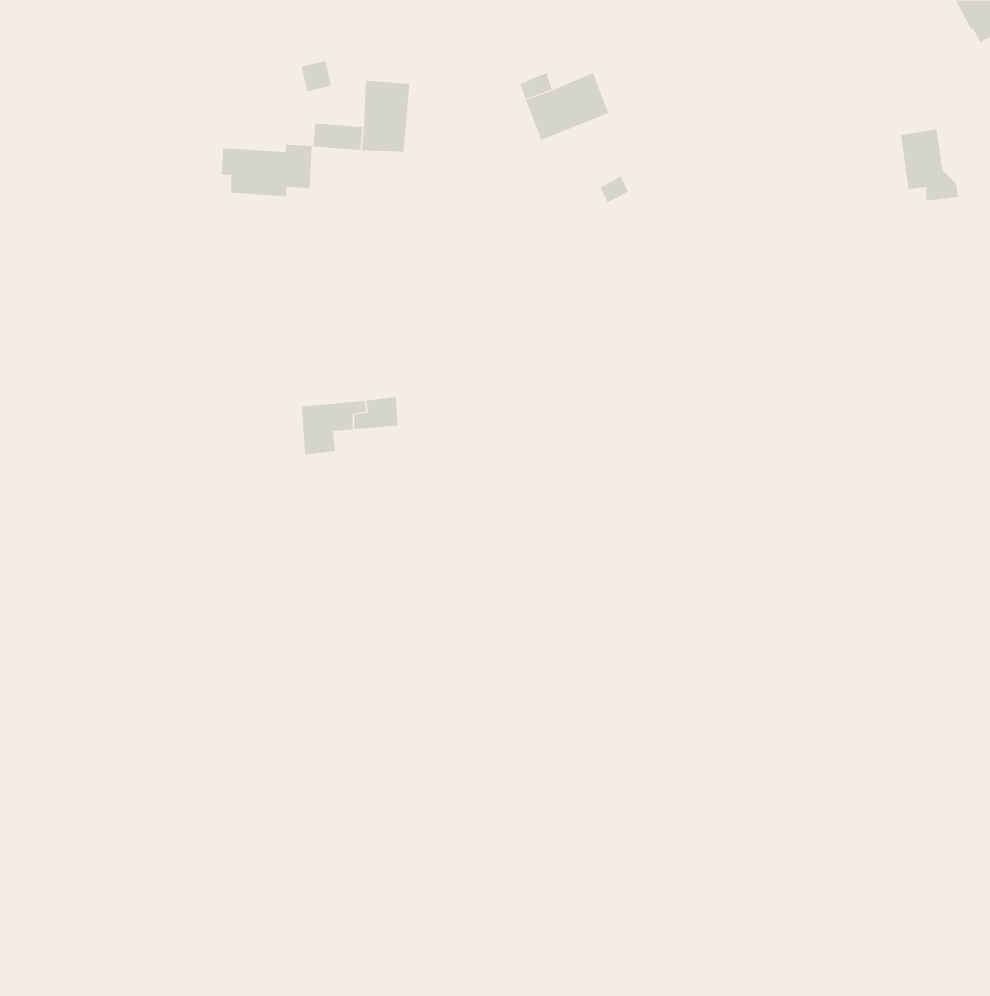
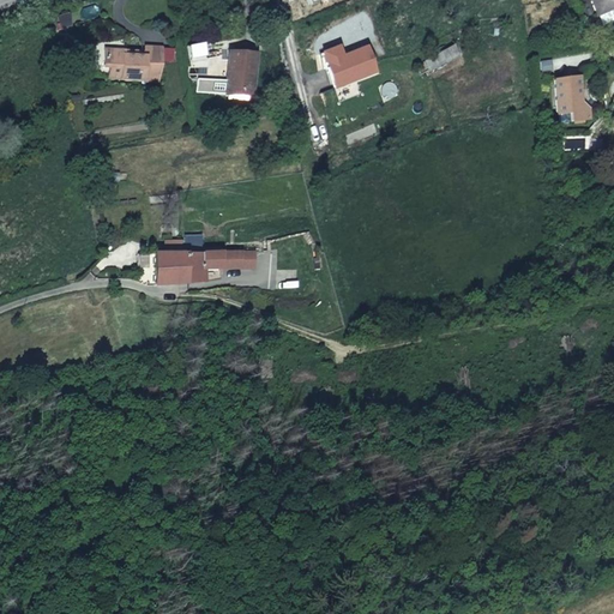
building: [221,144,312,197] -> [107,48,163,80]
building: none -> [158,251,192,282]

